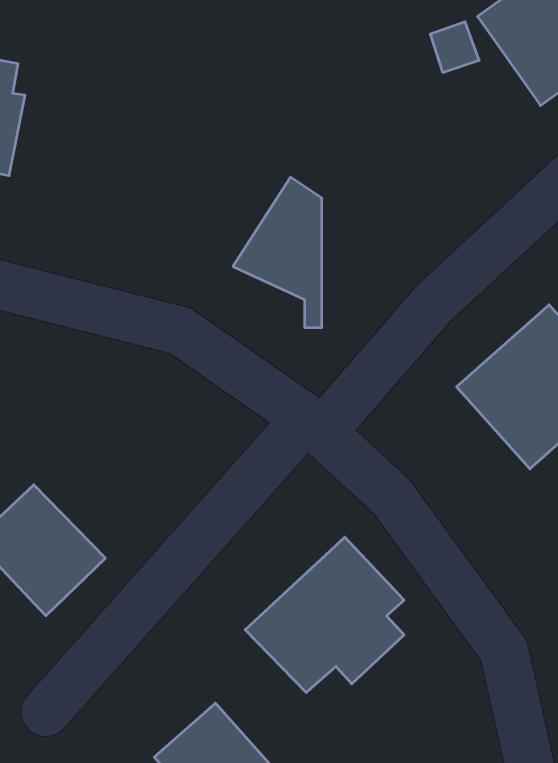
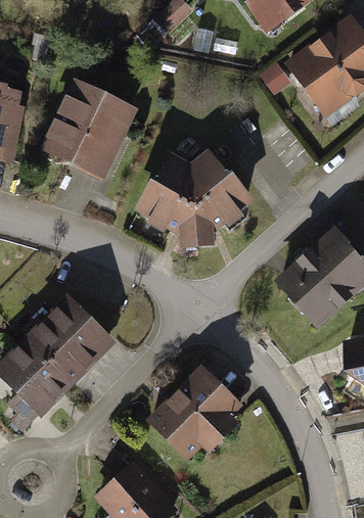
building: none -> [48,84,142,182]
building: none -> [196,153,249,243]
building: none -> [28,297,108,378]

